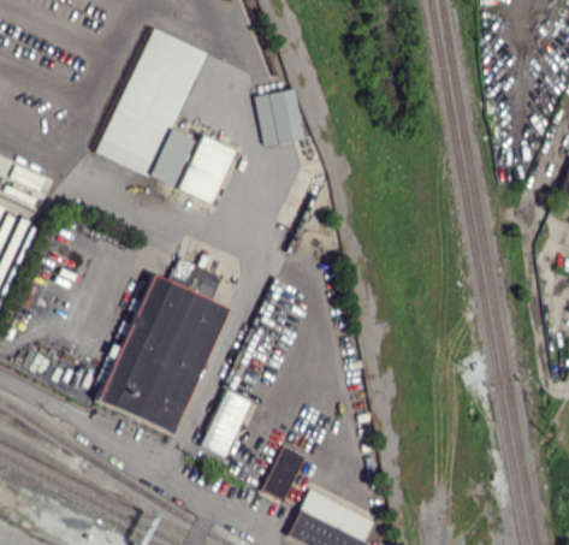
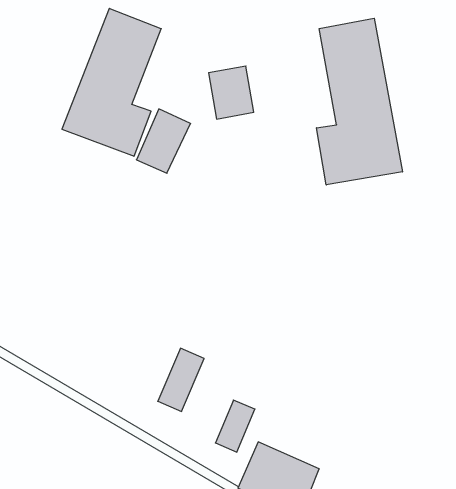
building: none -> [317,18,402,185]
building: [100,257,225,433] -> none

